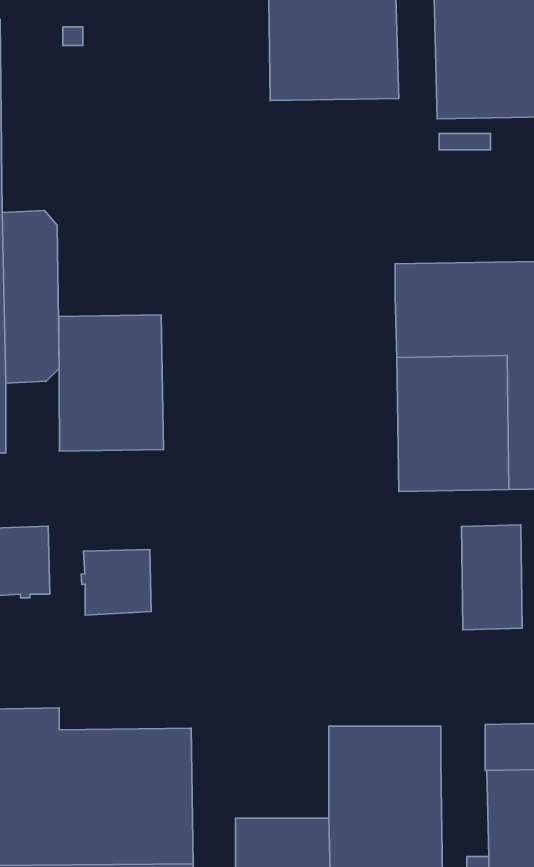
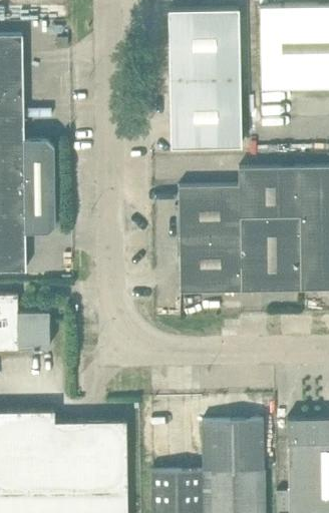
building: none -> [170,79,241,149]
building: none -> [178,187,240,294]
building: [59,315,163,451] -> none
building: [461,525,522,630] -> none
building: [81,549,151,615] -> none

